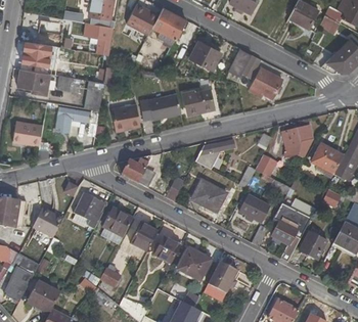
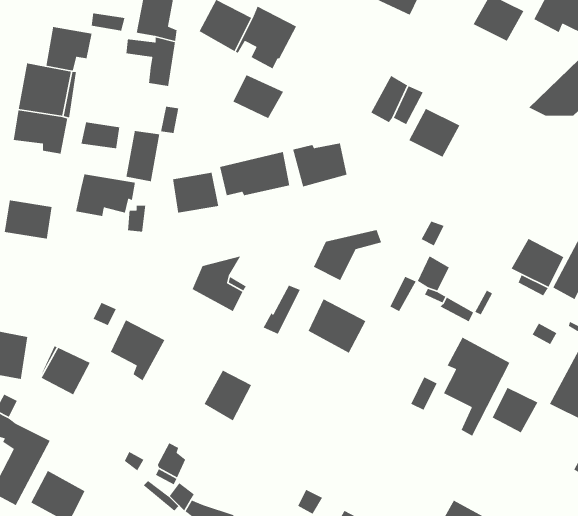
building: [190,41,221,67] -> [232,74,284,119]
building: [282,126,312,166] -> none
building: [238,193,270,222] -> none
building: [101,206,134,244] -> none
building: [155,236,181,264] -> none
building: [178,246,212,279] -> none
building: [208,260,237,292] -> none

